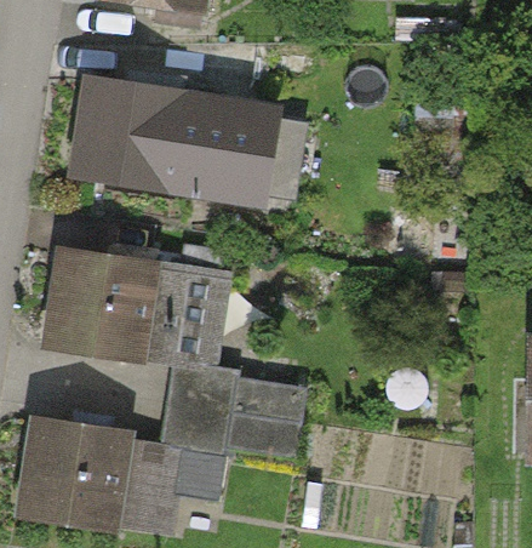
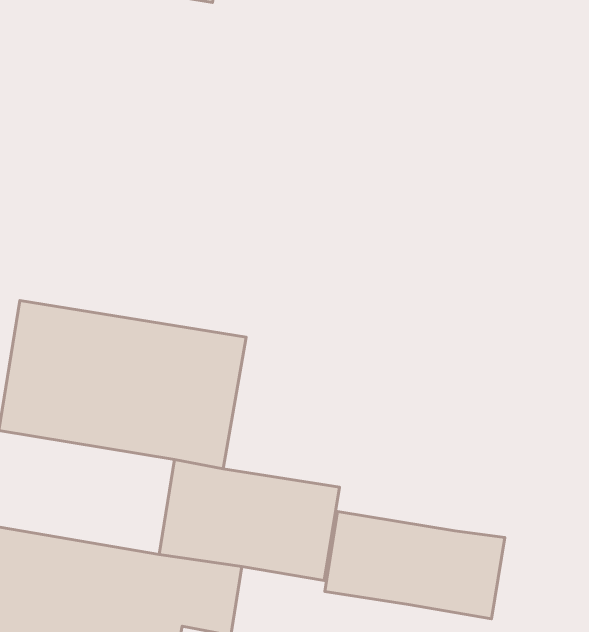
building: [76,85,271,201] -> none
building: none -> [325,511,505,619]

